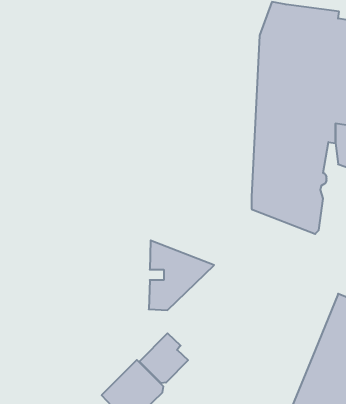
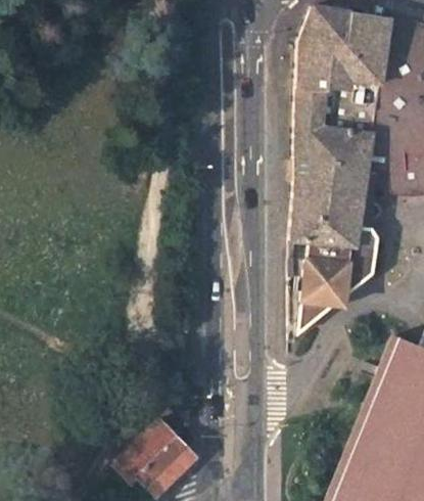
building: [149,240,214,310] -> [292,246,368,327]
building: [139,333,188,383] -> none

